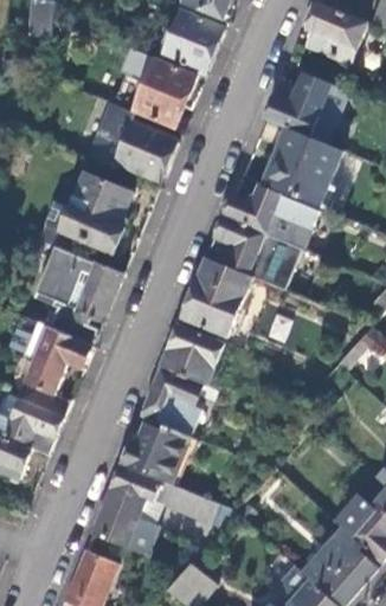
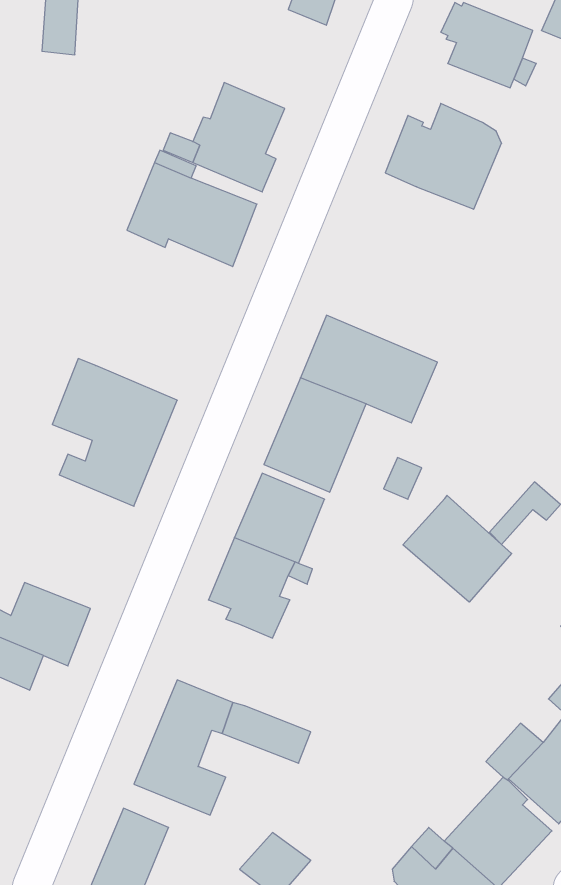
building: [162,9,224,72] -> none
building: [262,128,343,206] -> none
building: [37,174,133,252] -> none
building: [224,186,316,247] -> none
building: [18,322,92,415] -> none
building: none -> [403,495,512,602]
building: [122,424,187,482] -> none

